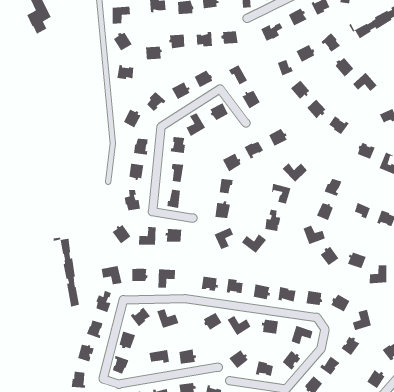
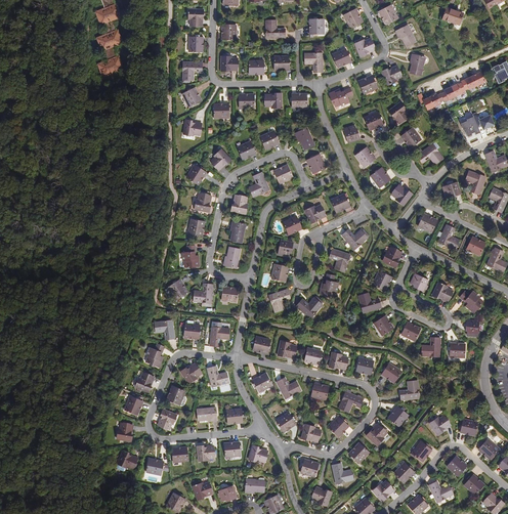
building: [53,237,80,308] -> none

